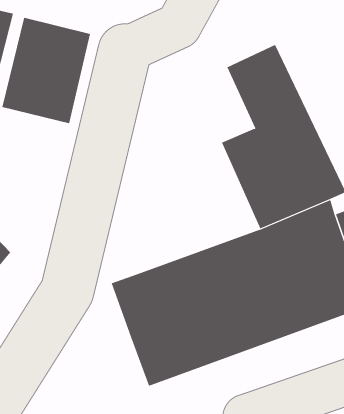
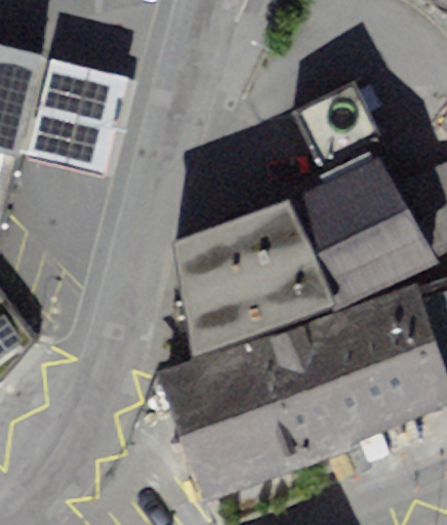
building: none -> [175,205,332,359]

